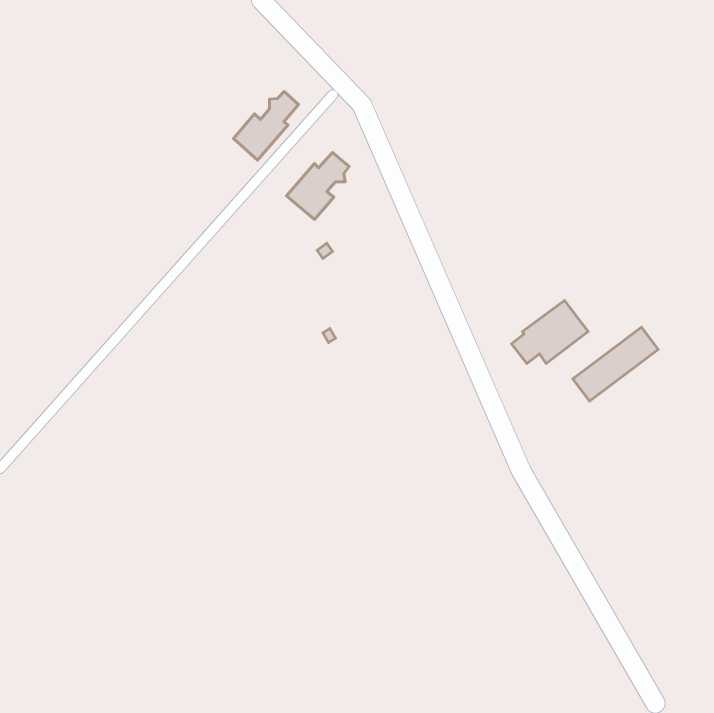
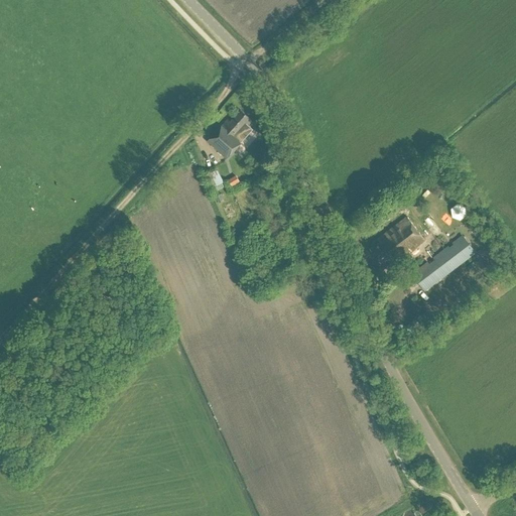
building: [233,91,298,160] -> none

